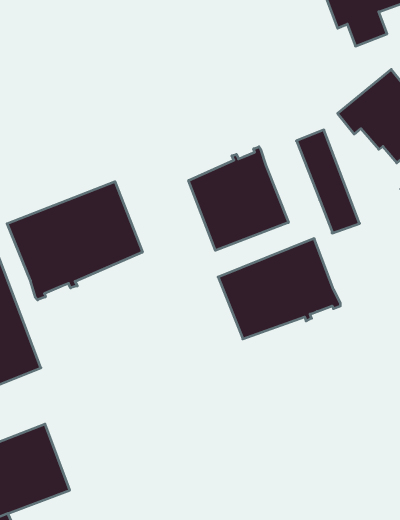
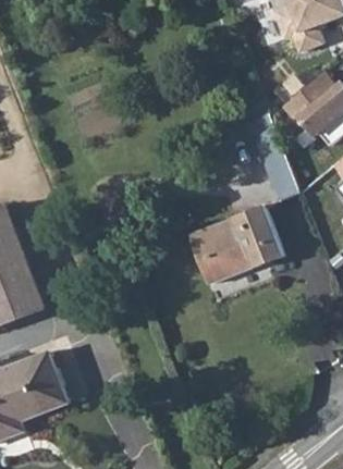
building: [189,147,288,250] -> none
building: [7,182,142,300] -> none

